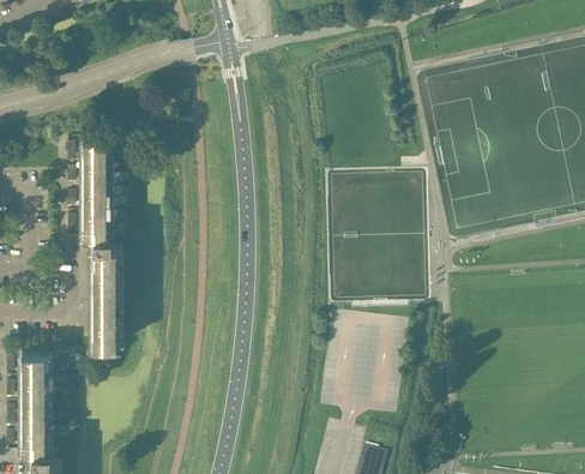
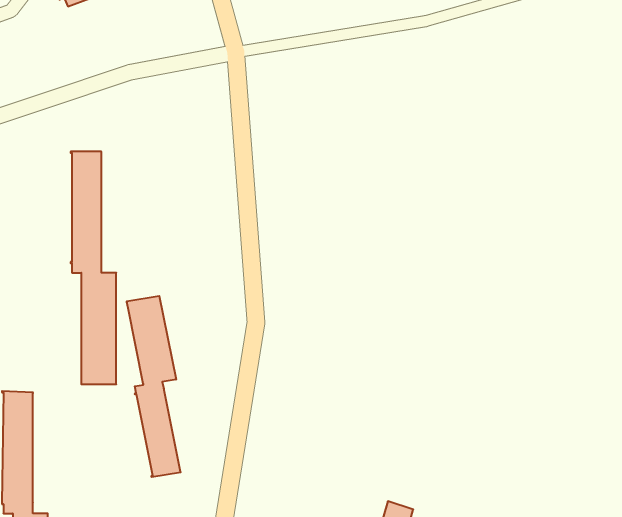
building: none -> [127,296,181,477]

